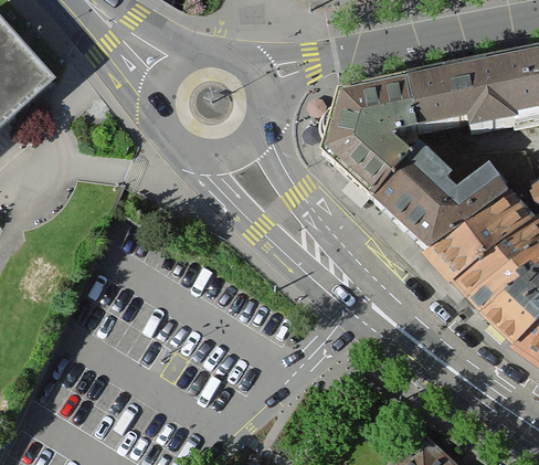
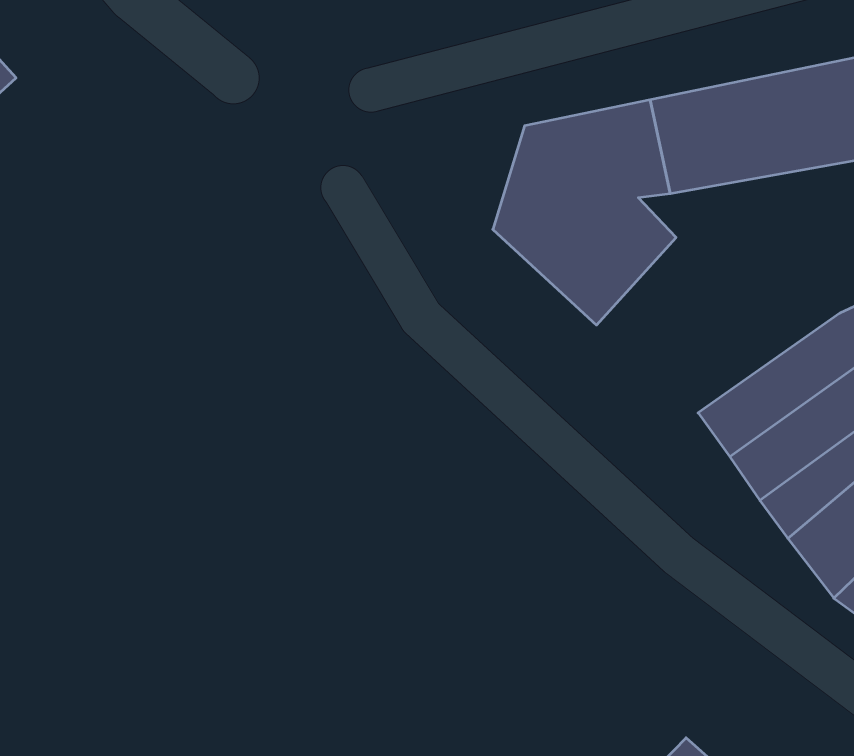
building: [376,151,510,249] -> none

